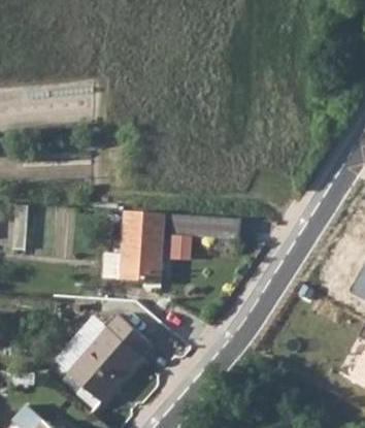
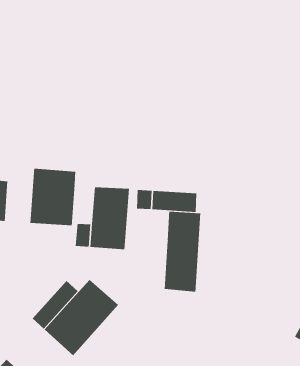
building: none -> [30,168,76,226]
building: none -> [164,211,201,292]

